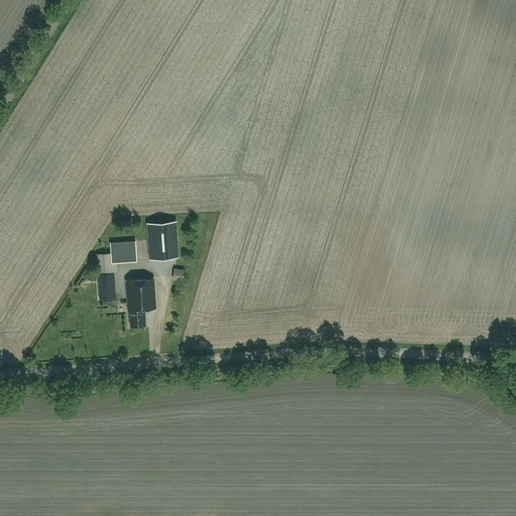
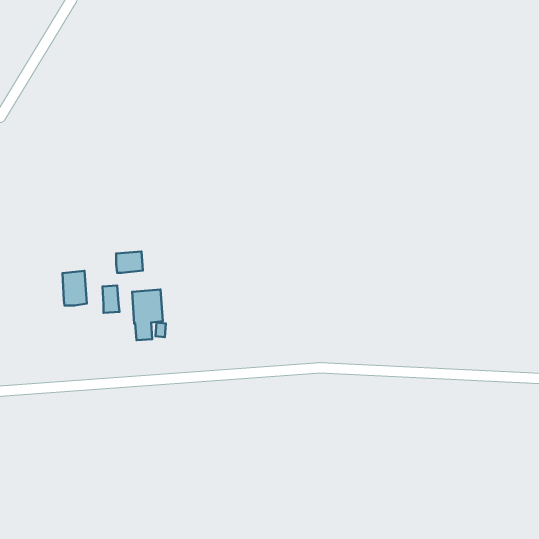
building: [145,225,176,263] -> none
building: none -> [62,271,87,306]

